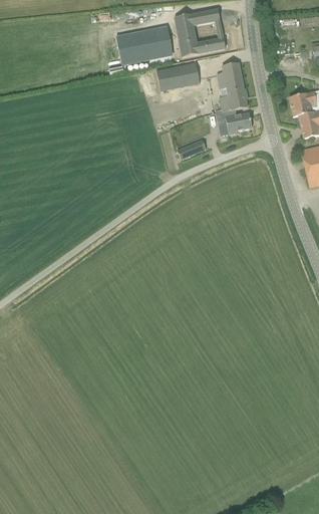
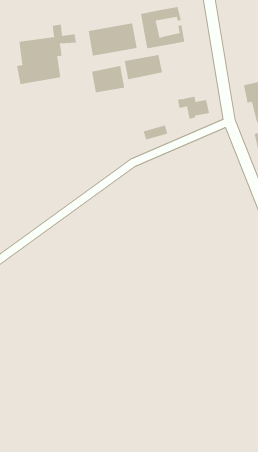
building: none -> [16,24,77,85]
building: [217,61,248,111] -> none
building: none -> [91,65,125,93]

